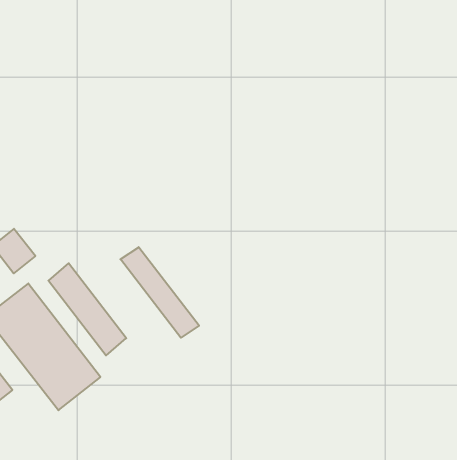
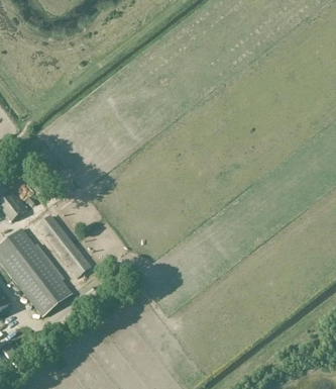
building: [120,247,199,338] -> none

